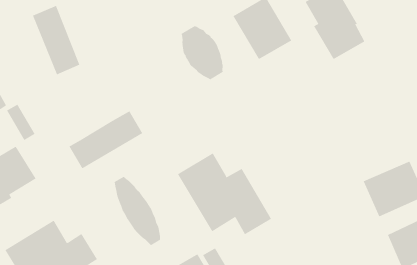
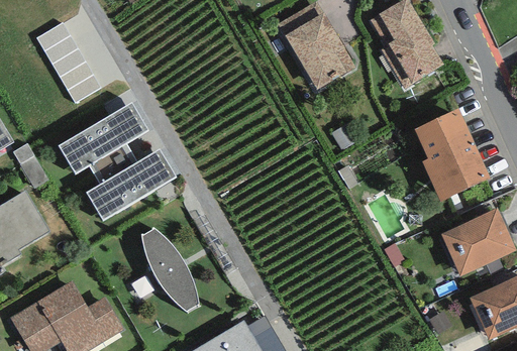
building: [181,26,223,80] -> none
building: none -> [58,102,147,185]
building: none -> [414,111,490,205]
building: [177,153,272,235] -> none

